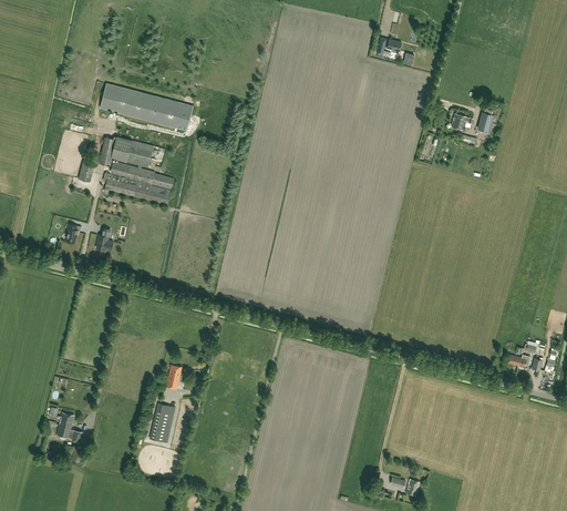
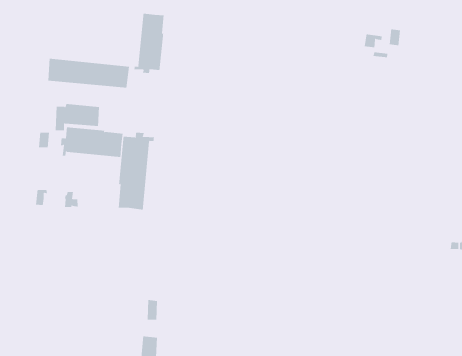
building: none -> [134,13,164,74]
building: none -> [118,132,154,210]

